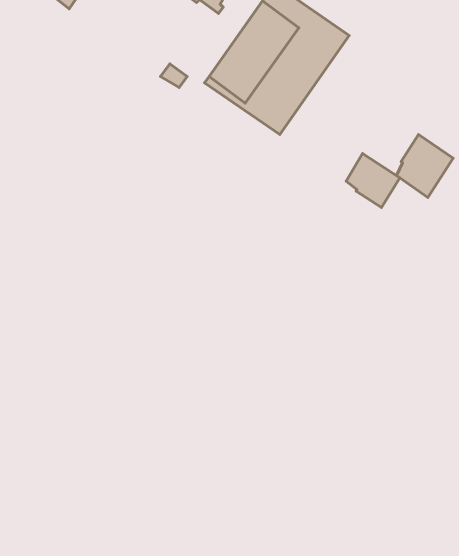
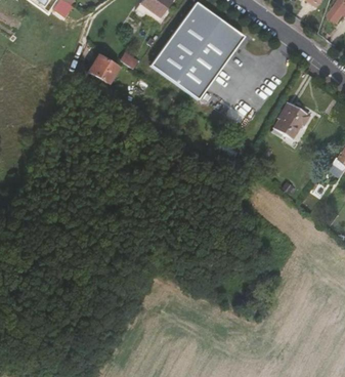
building: none -> [88,53,117,82]
building: [346,154,400,208] -> none

